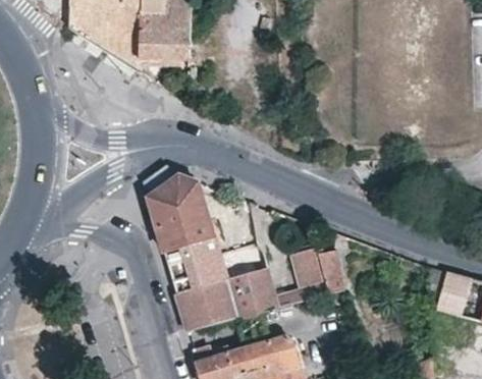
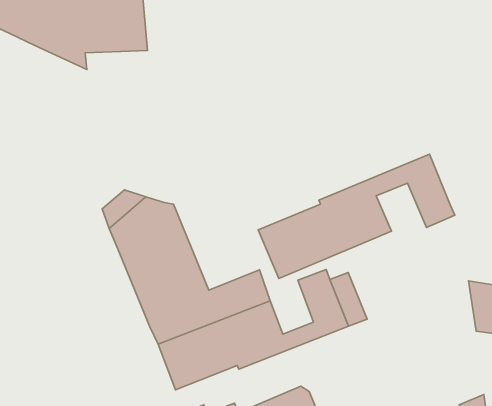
building: none -> [258,154,455,279]

